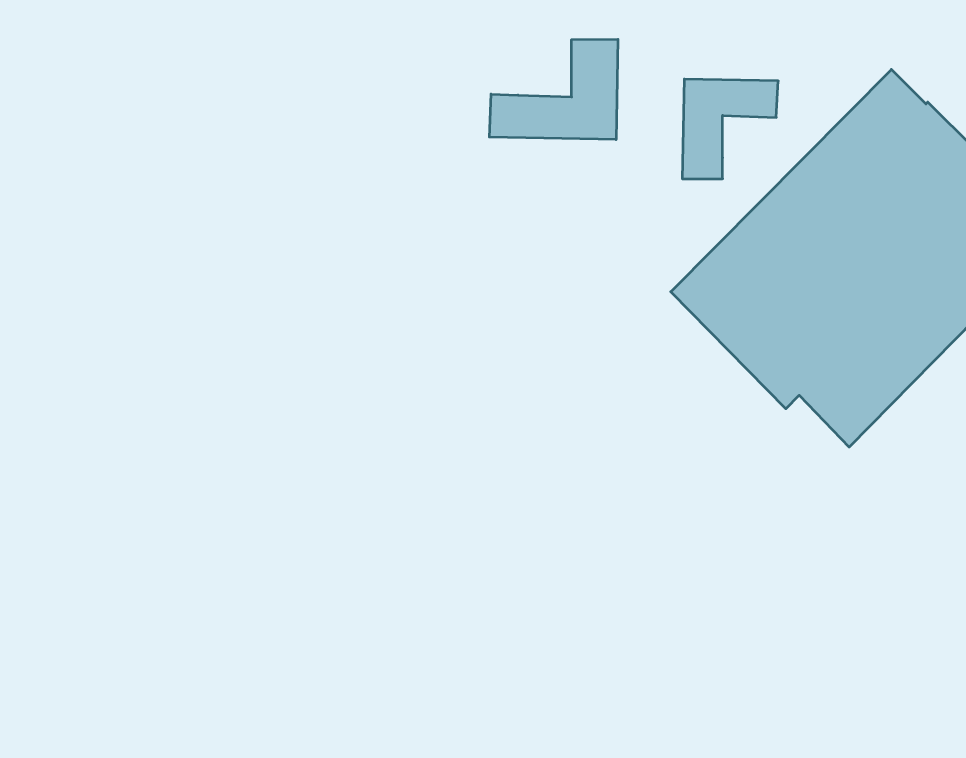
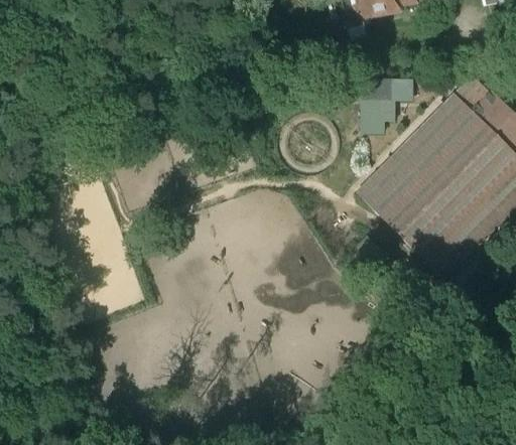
building: [489,39,618,140] -> none

